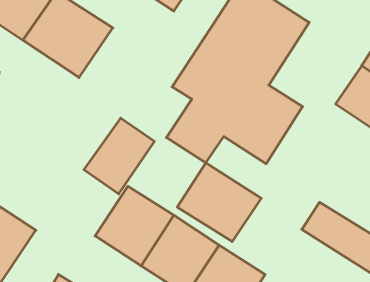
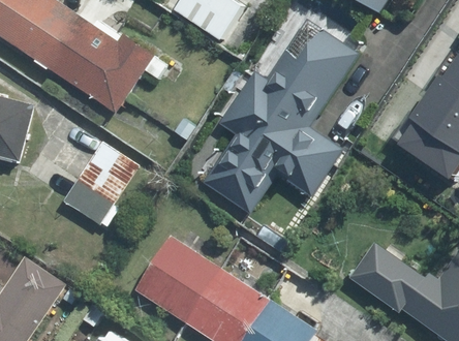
building: [84,118,154,194] -> [63,142,141,225]
building: [177,163,261,242] -> none

